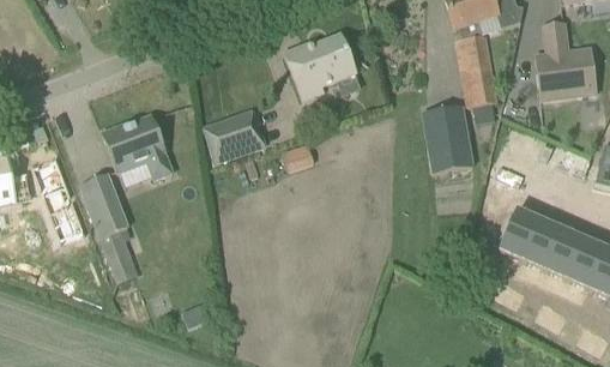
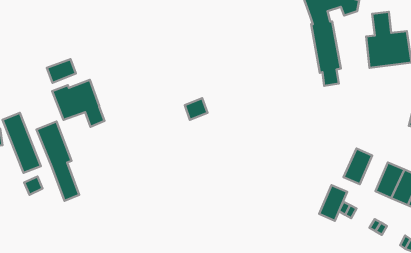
building: [280,34,355,101] -> none
building: none -> [47,59,76,83]
building: [423,107,472,173] -> none
building: [201,109,265,163] -> none
building: [524,221,562,270] -> [319,185,347,221]

